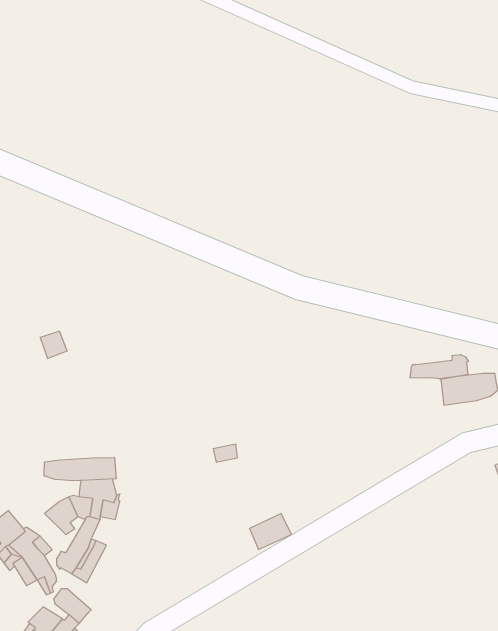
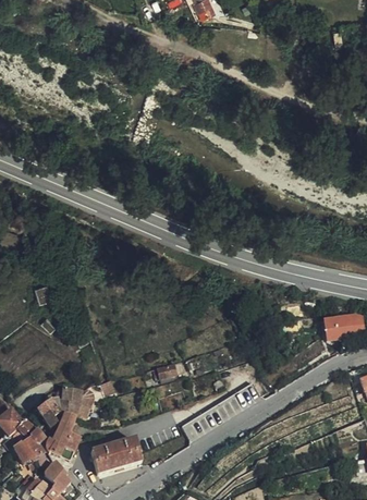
building: [410,354,468,379] -> none
building: [44,457,116,481] -> none
building: none -> [90,442,142,477]

